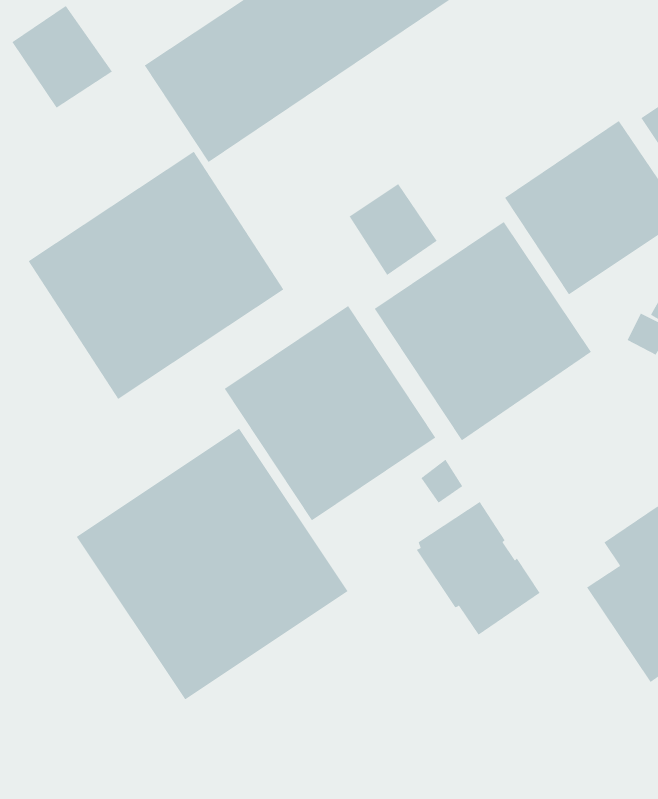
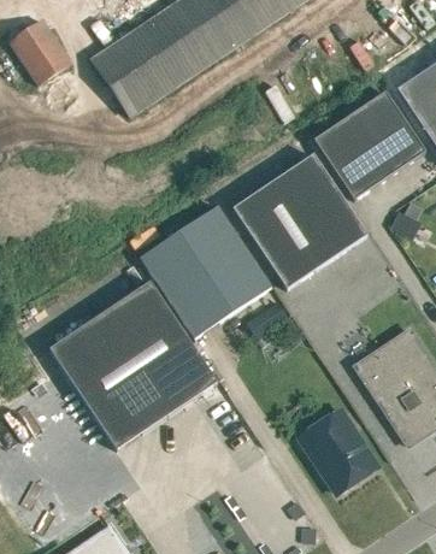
building: [28,151,284,400] -> none
building: [349,183,437,276] -> none
building: [416,501,540,636] -> [299,409,376,493]

